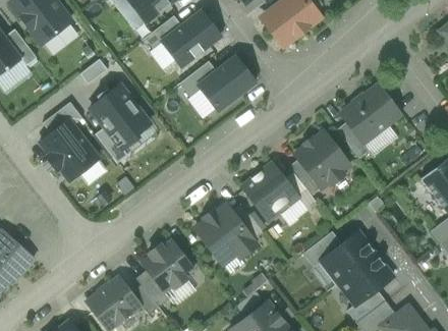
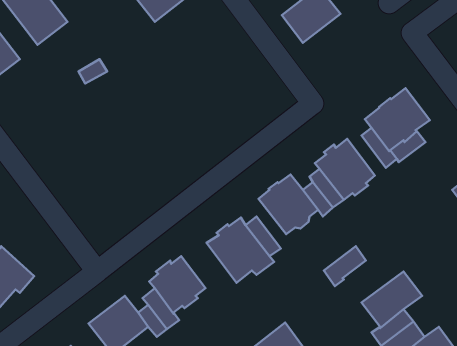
building: [161,9,222,66] -> none
building: [198,55,256,111] -> none
building: [90,85,146,149] -> none
building: [41,120,98,179] -> none
building: [320,230,376,282] -> none

